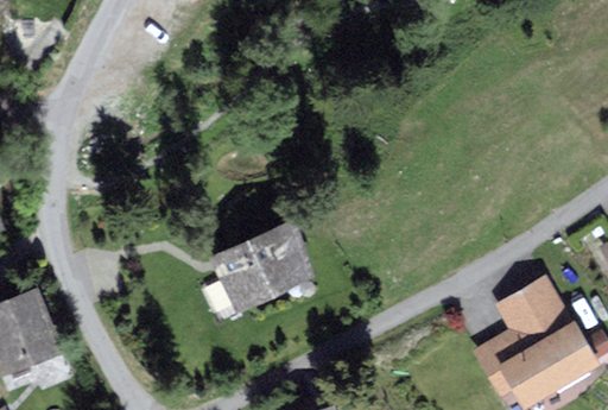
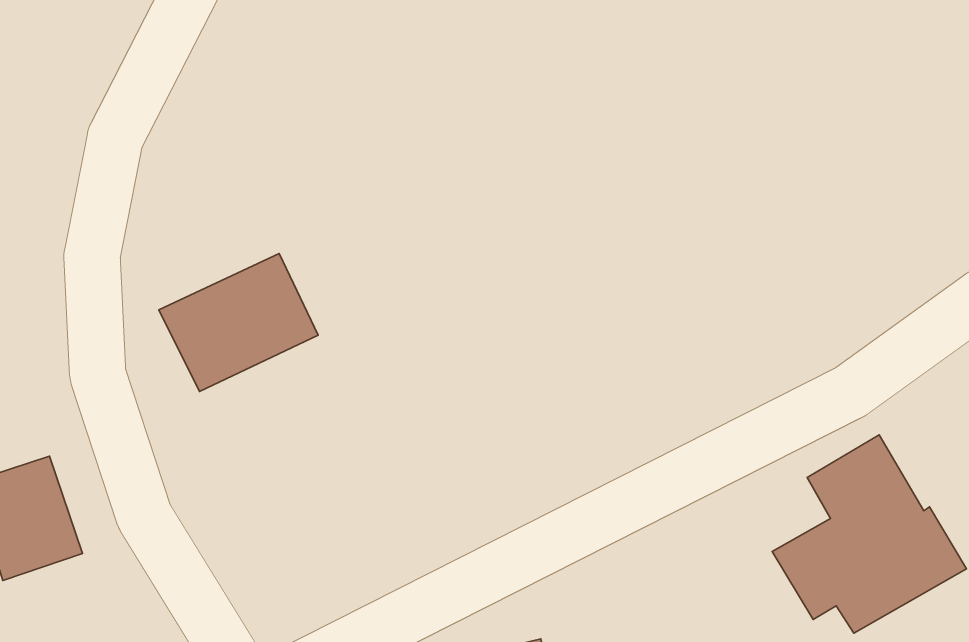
building: [215,223,312,308] -> [159,253,318,391]

